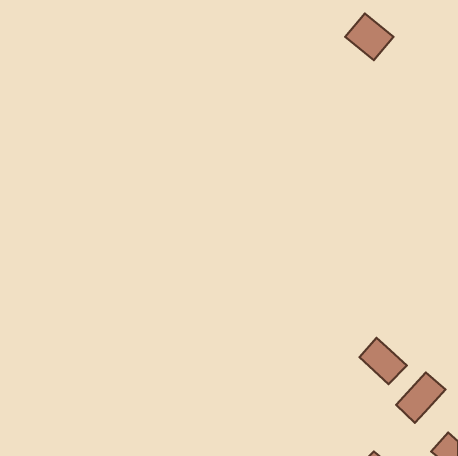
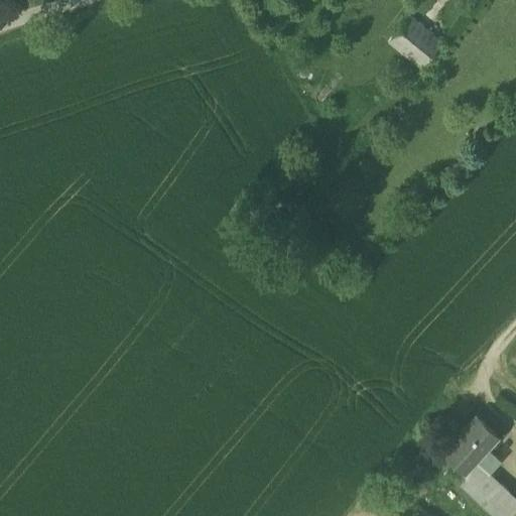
building: [359,338,407,384] -> none
building: none -> [466,466,500,500]

